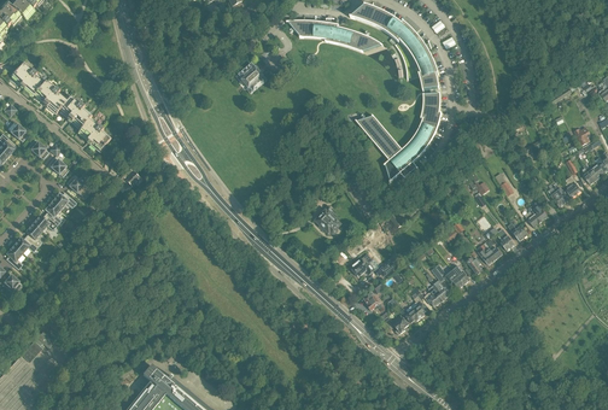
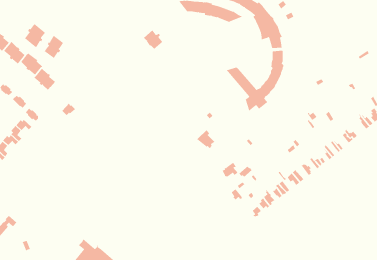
building: none -> [21,23,46,48]
building: none -> [44,35,67,59]

